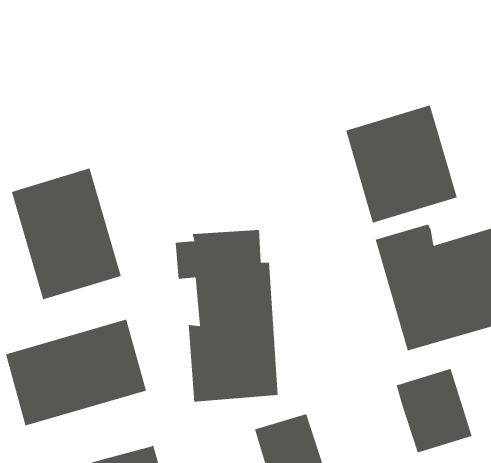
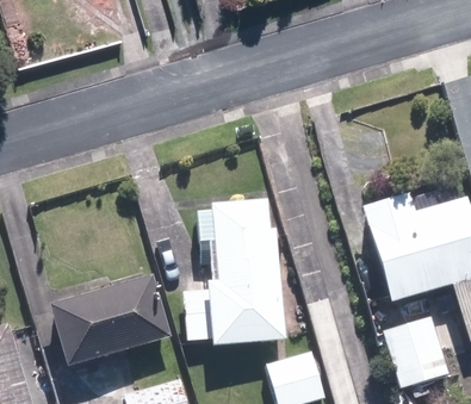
building: [345,105,457,224] -> none
building: [11,168,121,300] -> none

